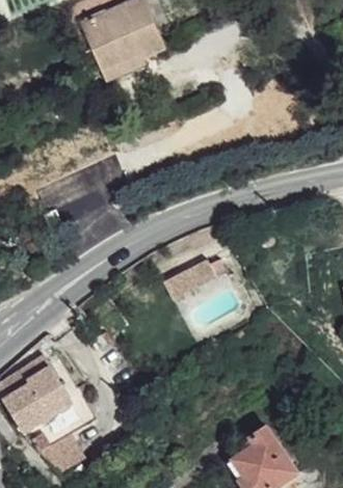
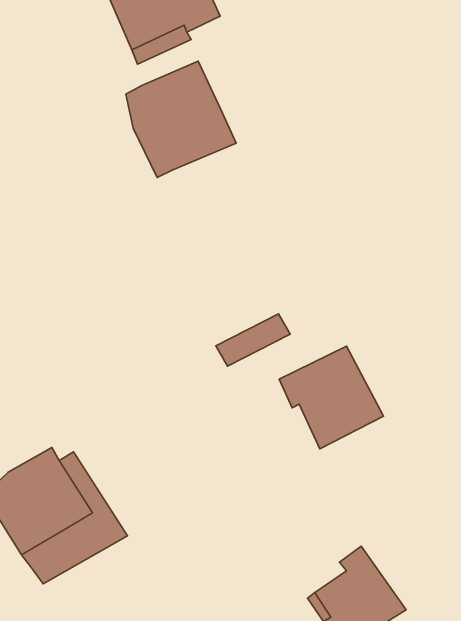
building: none -> [126,61,236,178]
building: none -> [279,346,383,449]

